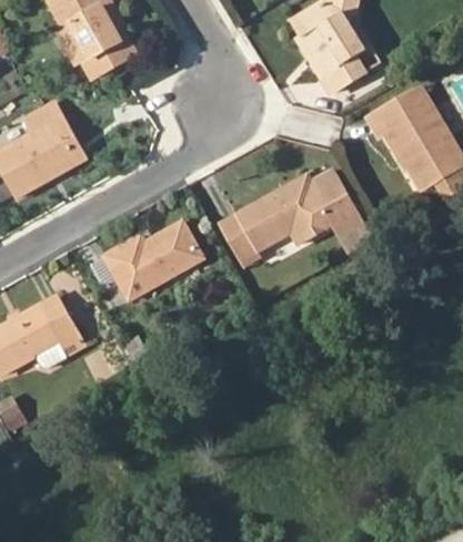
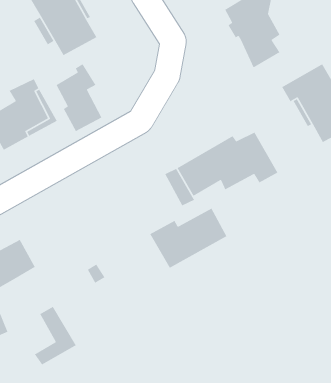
building: none -> [56,63,102,132]
building: [102,222,201,299] -> [149,207,228,269]
building: [31,296,85,371] -> [34,306,77,366]

